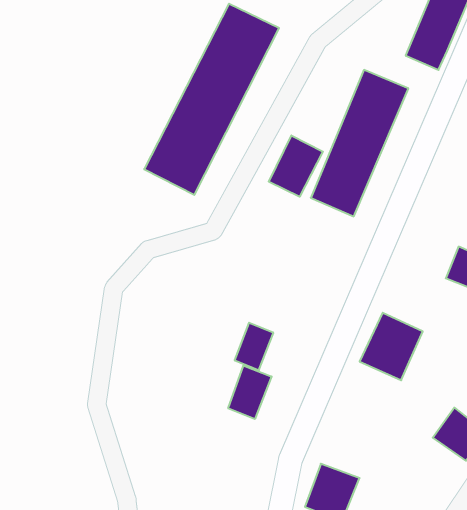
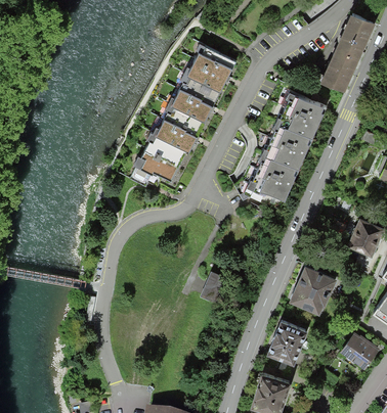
building: [269,135,323,197] -> none
building: [228,366,272,419] -> none
building: none -> [266,318,308,361]

